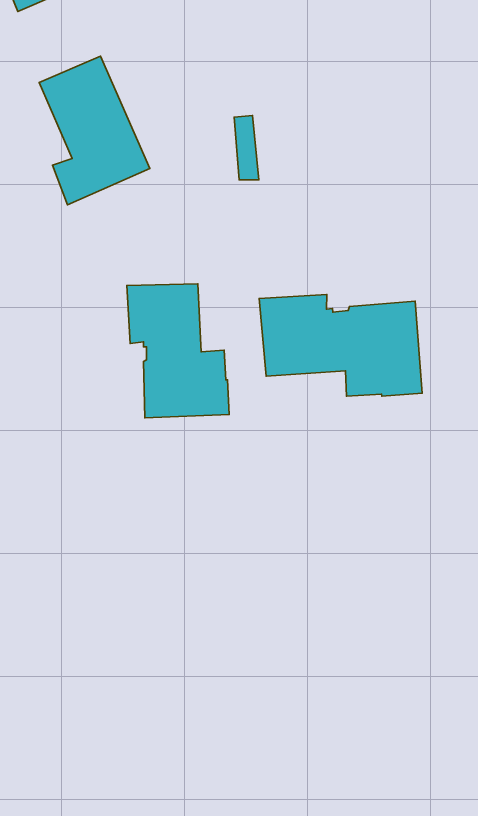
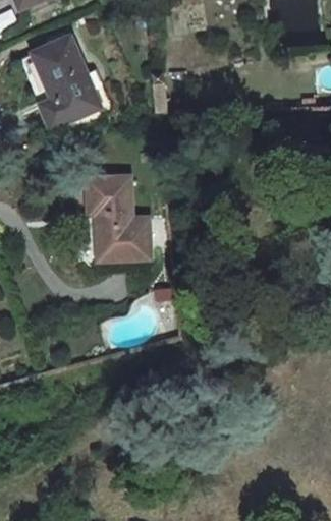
building: [259,295,422,396] -> none

